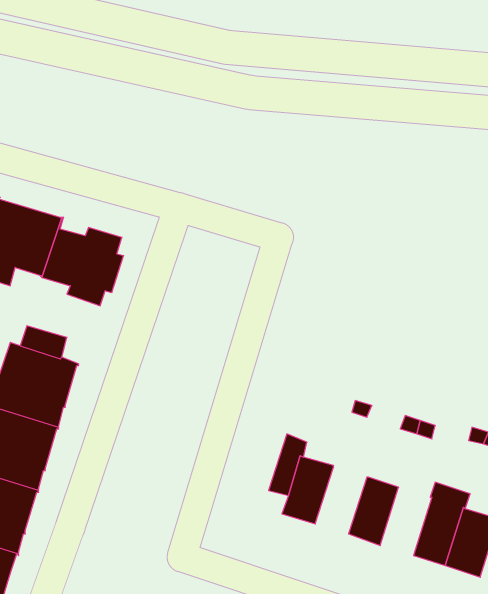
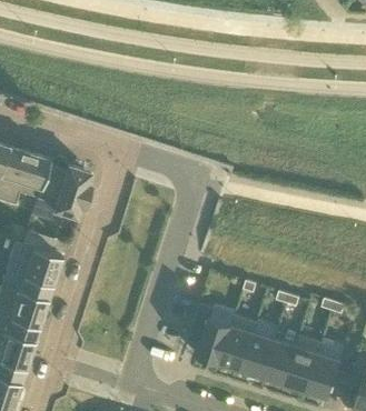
building: none -> [218,314,257,370]
building: none -> [261,339,296,384]

